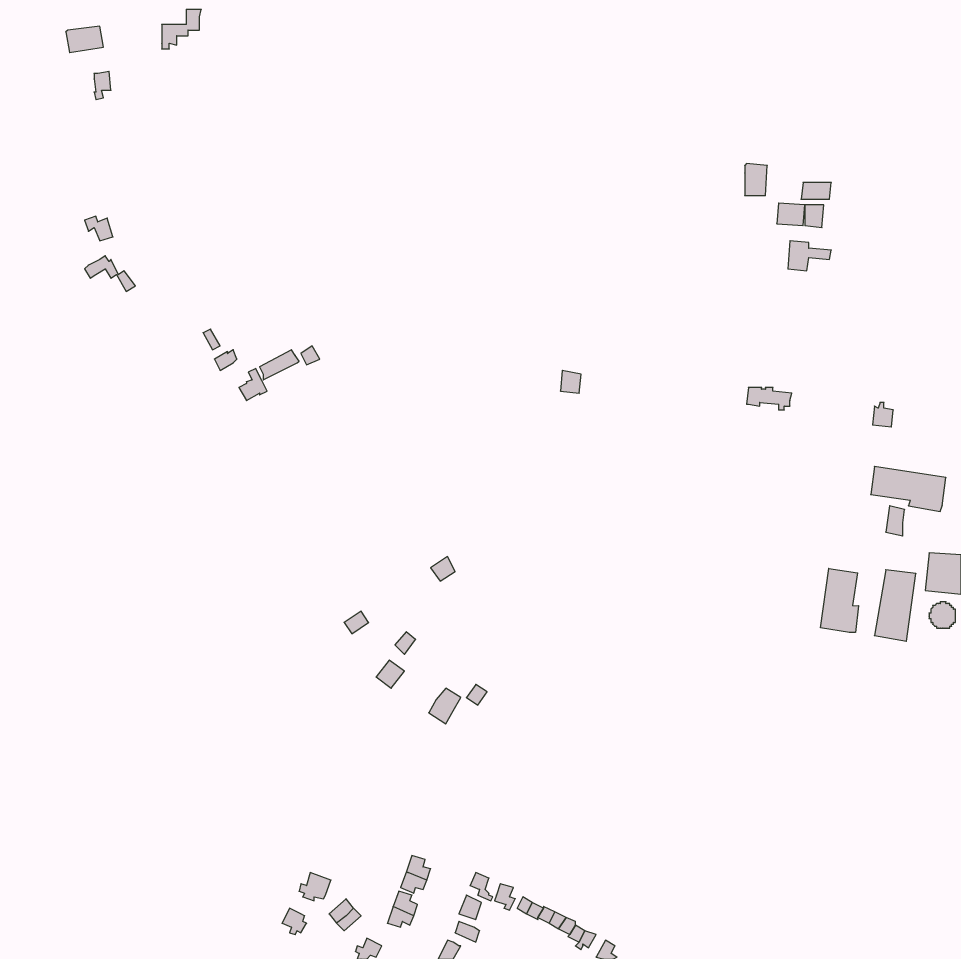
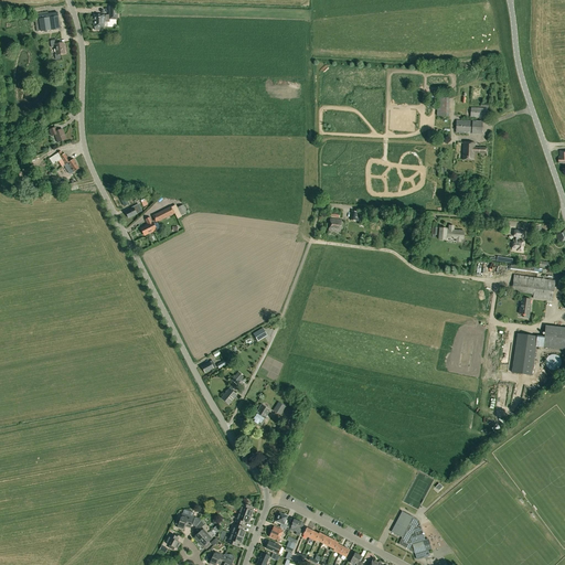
building: [821,568,859,632] -> none
building: none -> [391,510,429,558]

